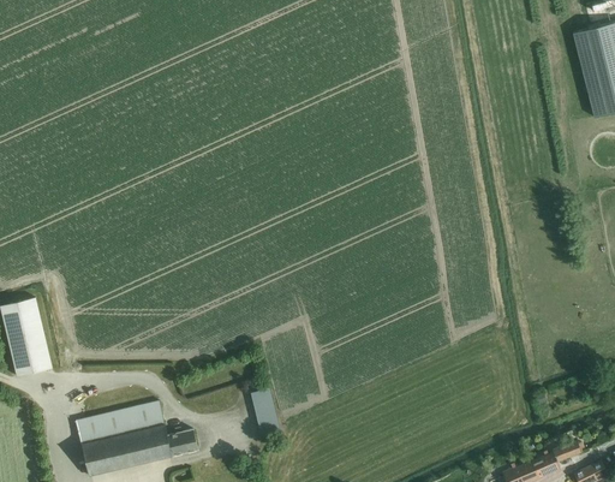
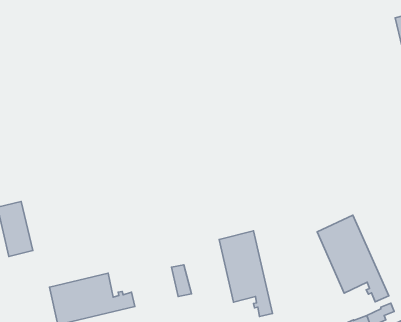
building: none -> [317,215,389,302]
building: none -> [219,231,272,316]

